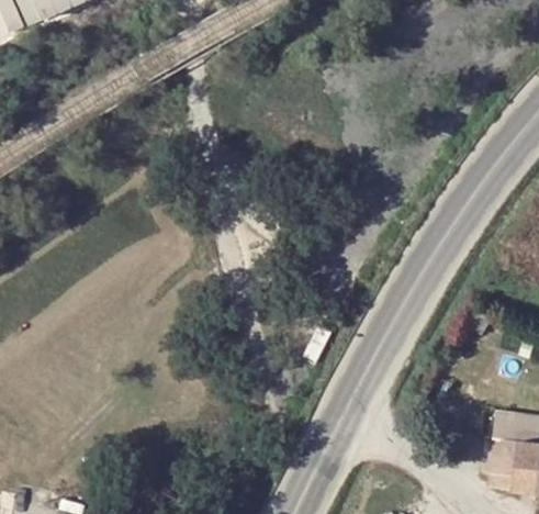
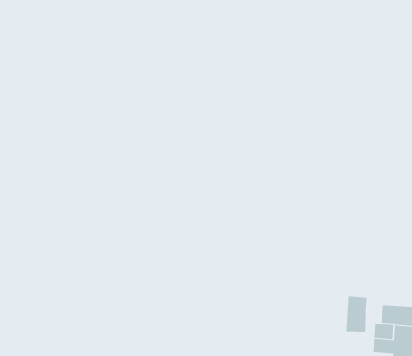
building: none -> [346,296,367,333]

